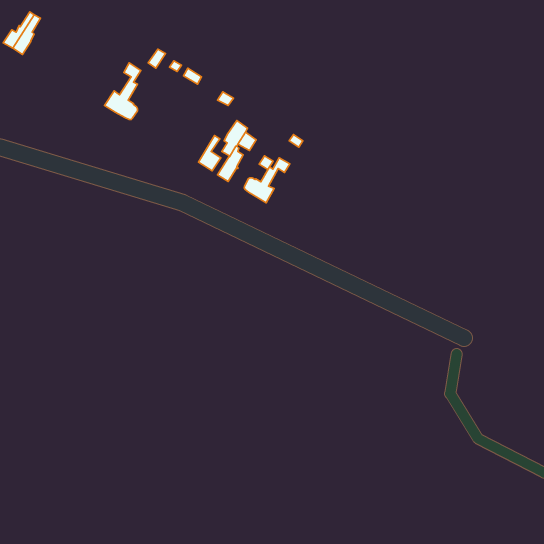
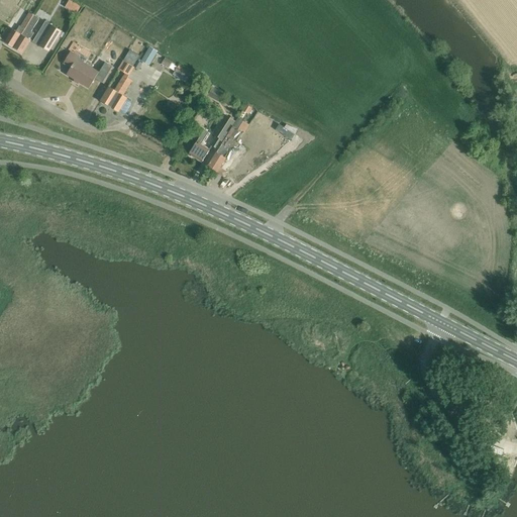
building: none -> [31,20,61,50]
building: none -> [63,50,98,88]
building: [244,158,290,203] -> none

